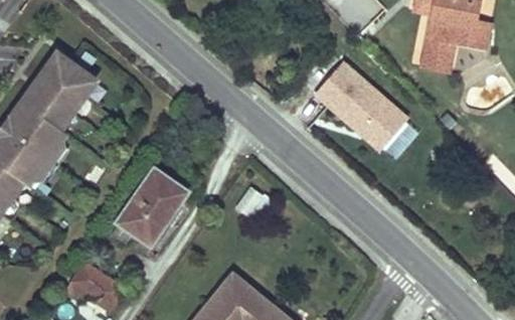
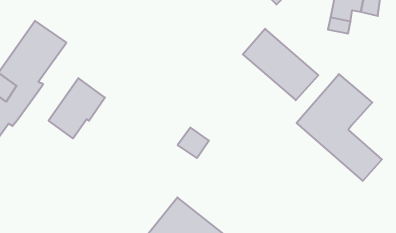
building: none -> [297,74,382,181]
building: [117,167,187,243] -> [49,78,105,138]
building: [68,264,124,307] -> none

